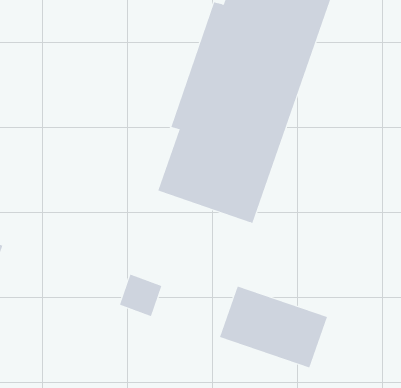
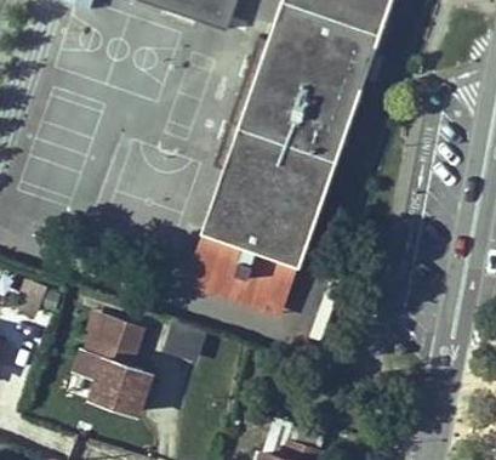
building: none -> [89,311,147,403]
building: [219,286,328,368] -> [187,237,297,320]

